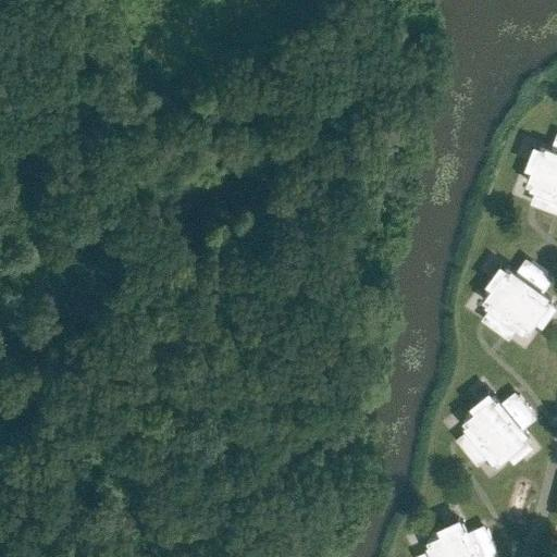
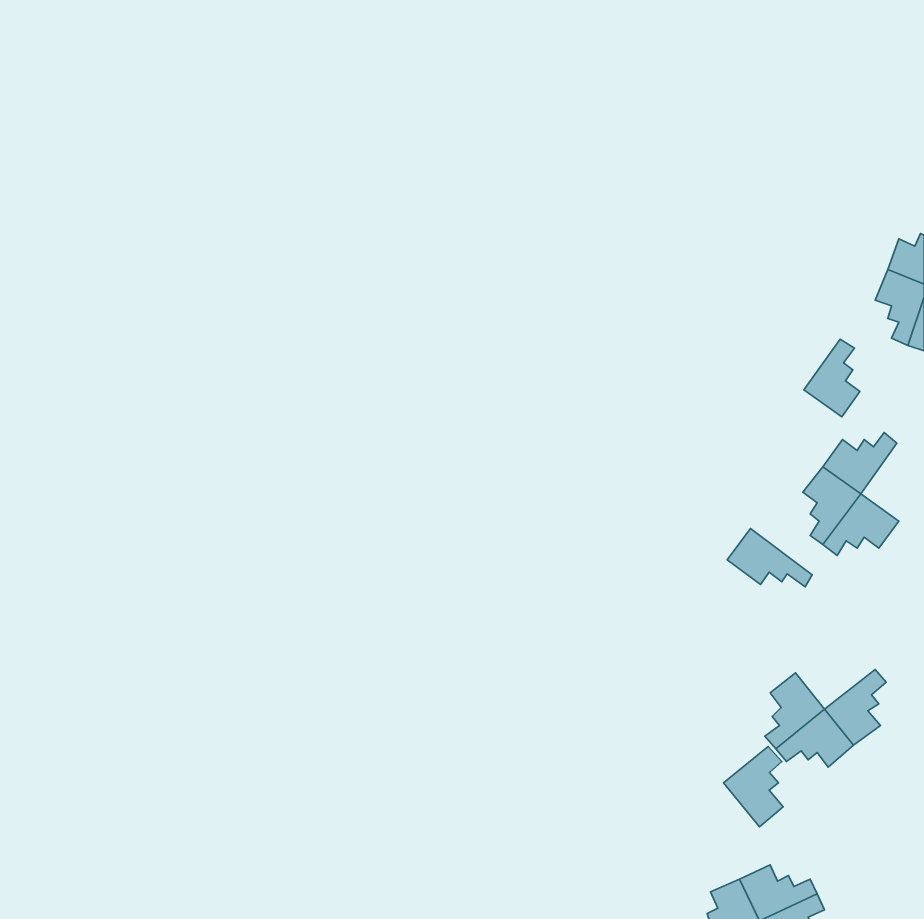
building: [518,270,552,317] -> [804,339,860,417]
building: none -> [727,529,812,587]
building: [479,396,527,430] -> none
building: none -> [724,747,783,827]

